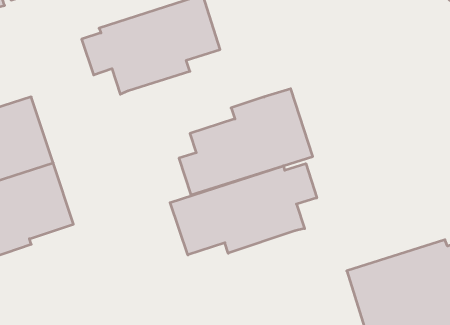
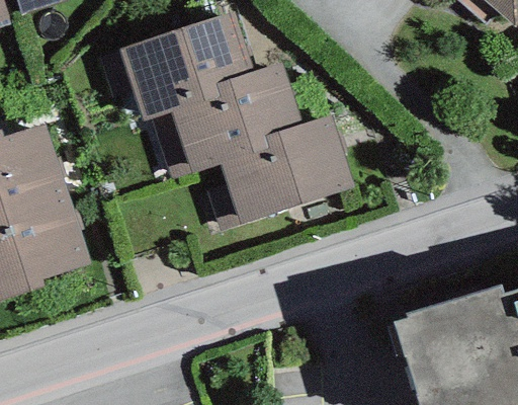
building: none -> [151,62,300,179]
building: [170,164,317,255] -> none

